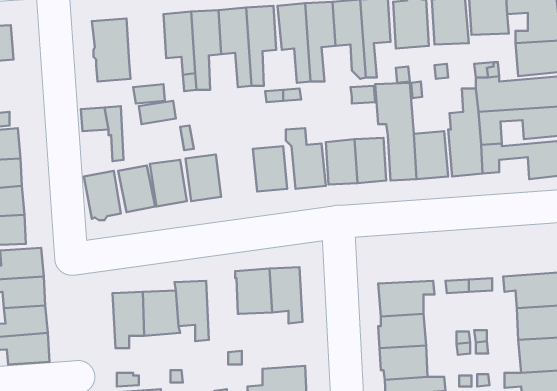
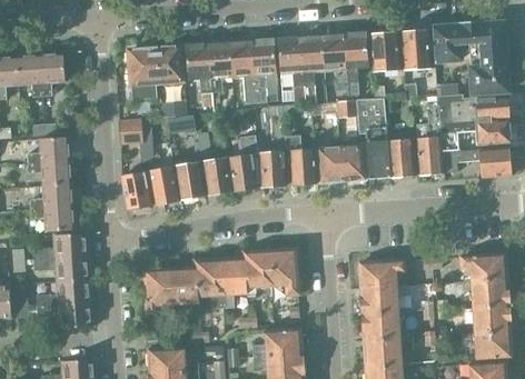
building: none -> [155,44,184,83]
building: none -> [227,136,257,193]
building: none -> [219,258,246,308]

